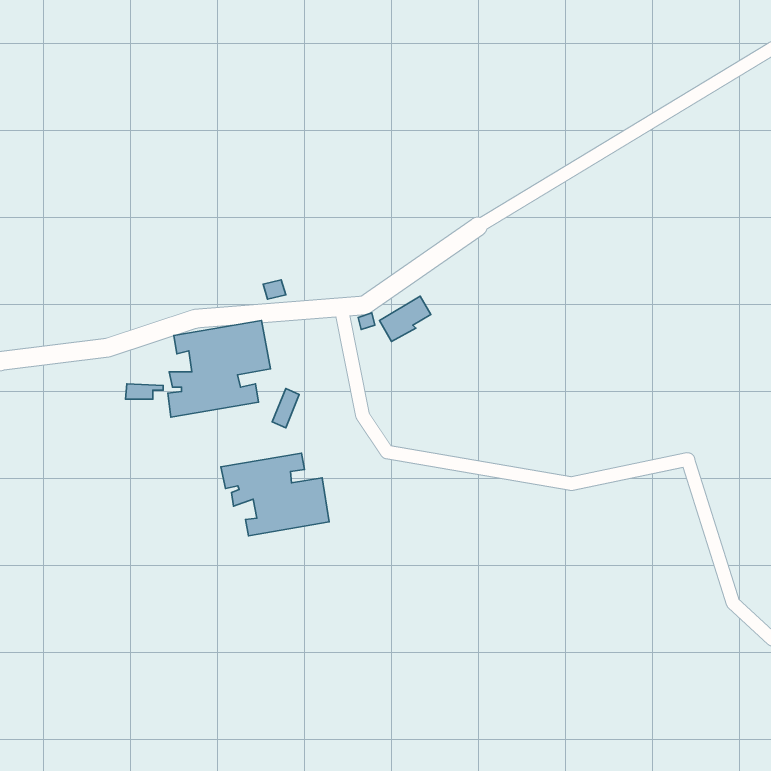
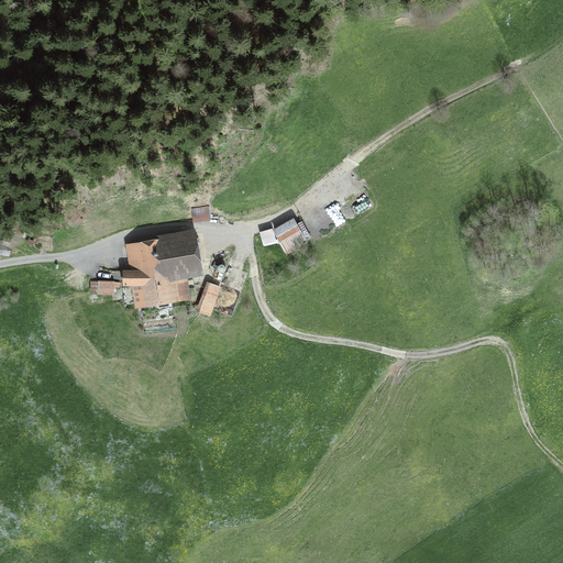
building: [221,453,329,536] -> none

